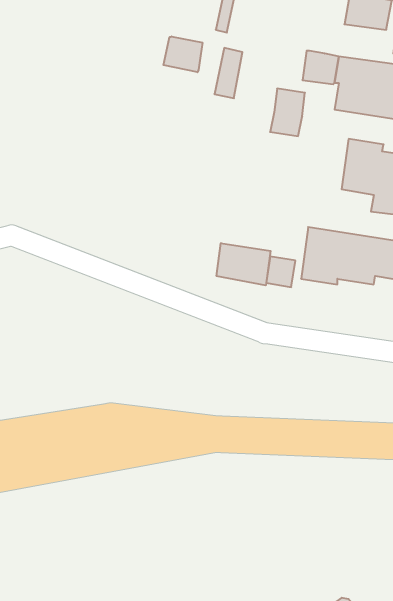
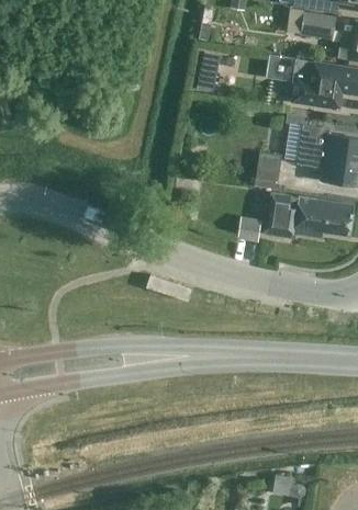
building: [163,36,202,72] -> none
building: [270,89,305,136] -> [255,151,282,189]
building: [217,243,271,285] -> none

